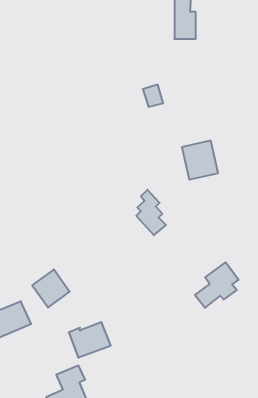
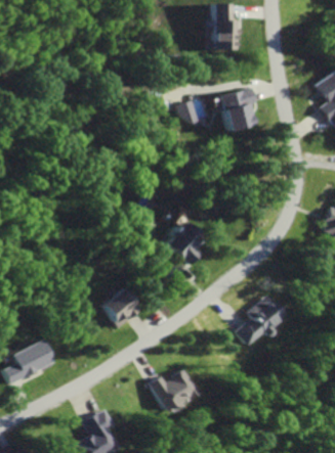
building: [182,141,218,180] -> [220,89,260,132]
building: [32,269,70,308] -> [102,285,143,327]
building: [69,322,111,358] -> [153,369,199,408]

